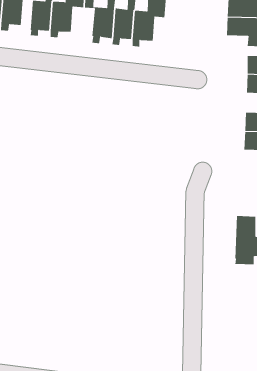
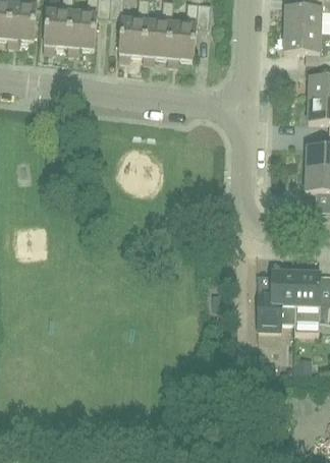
building: none -> [258,268,295,325]

